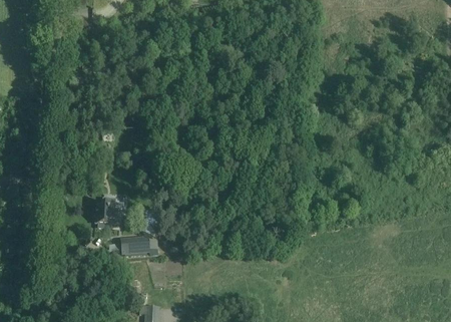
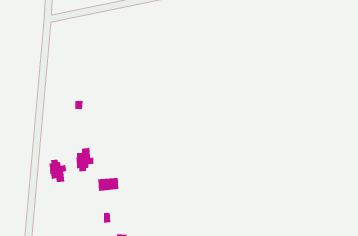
building: none -> [49,159,67,183]

